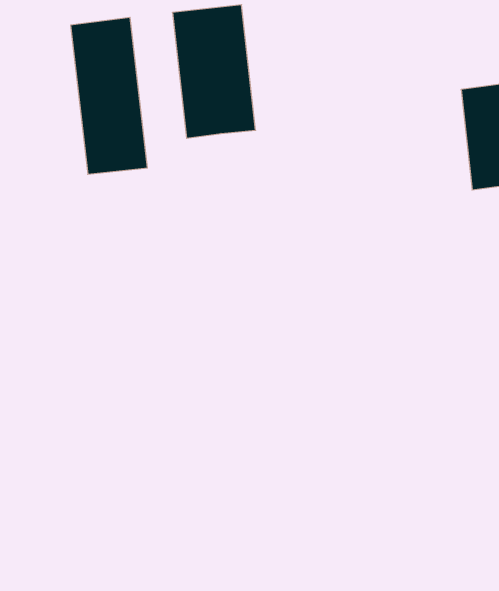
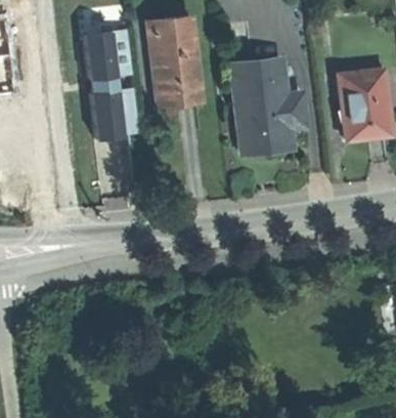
building: none -> [231,59,303,153]

